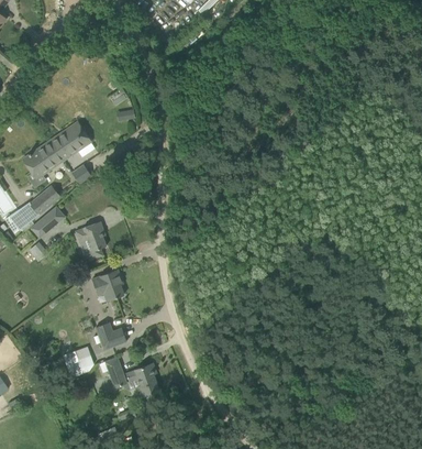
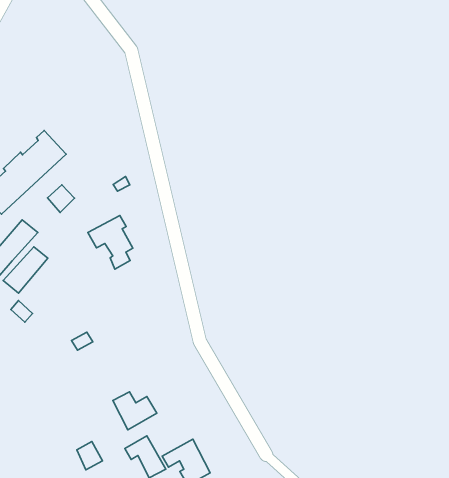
building: [75,221,105,260] -> [88,215,133,269]
building: [91,270,123,302] -> none

